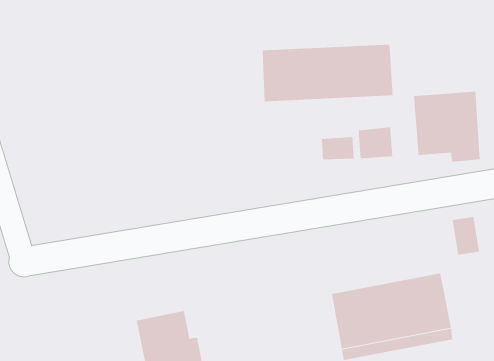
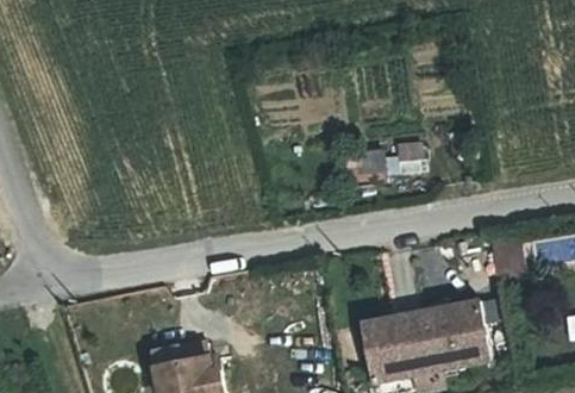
building: [262,44,393,102] -> none
building: [414,91,480,163] -> none

